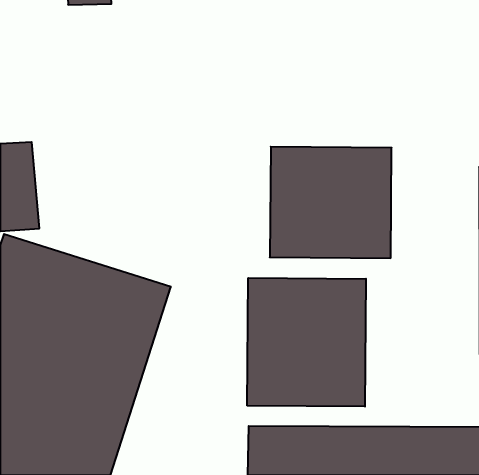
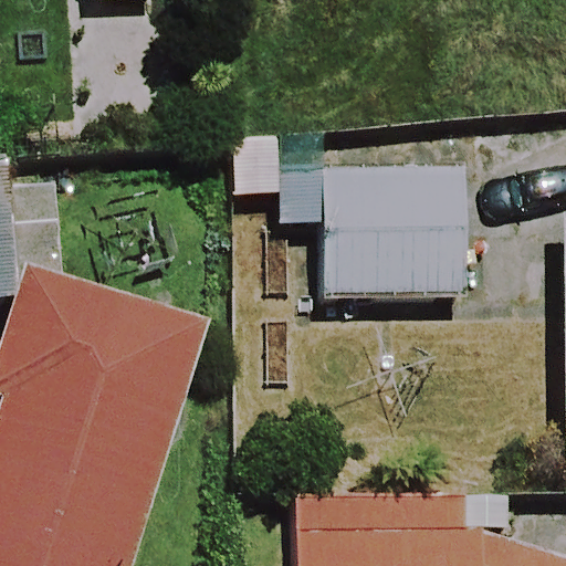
building: [247,278,366,407] -> none

